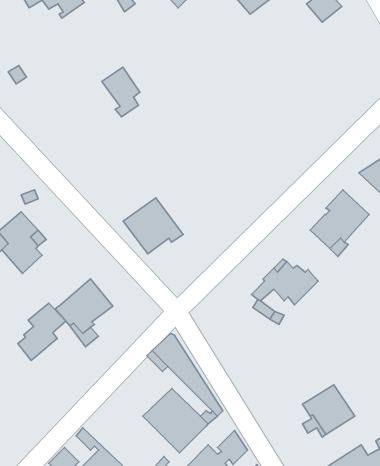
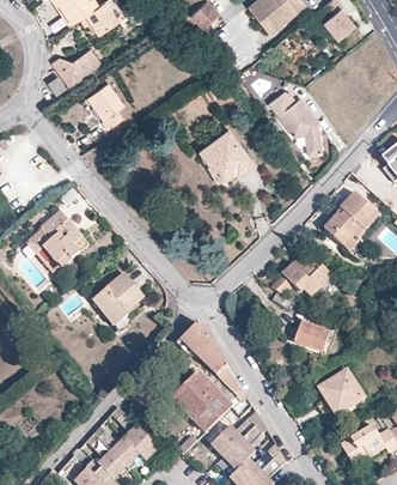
building: none -> [51,48,102,87]
building: [102,67,140,117] -> [88,83,123,128]
building: none -> [269,90,322,153]
building: [123,198,183,254] -> [198,129,254,181]
building: [18,303,66,361] -> none
building: none -> [294,321,329,351]

